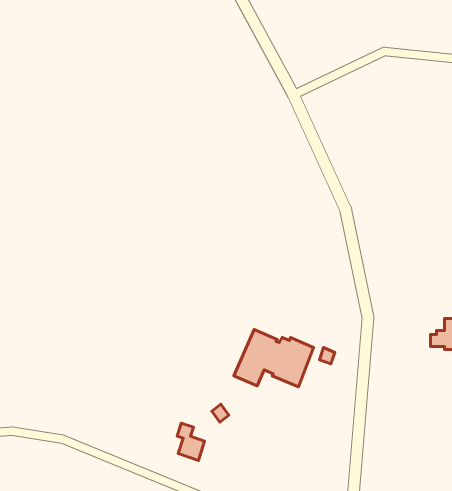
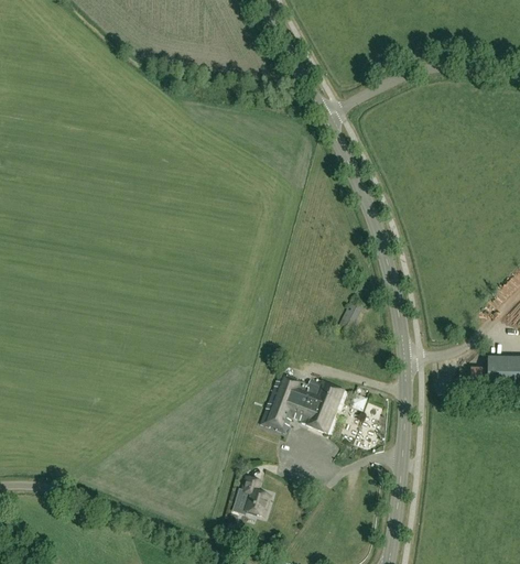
building: [177,423,204,460] -> [242,476,272,517]

